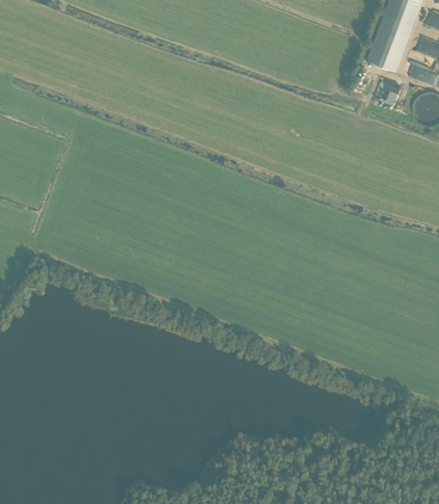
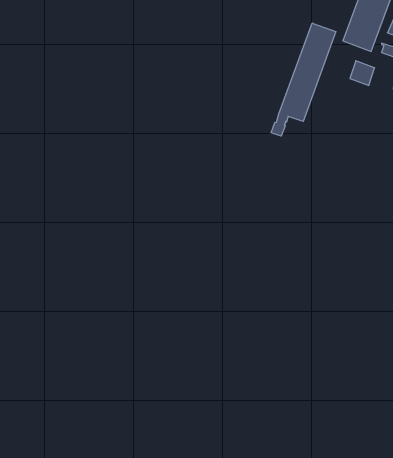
building: none -> [271,23,336,136]

